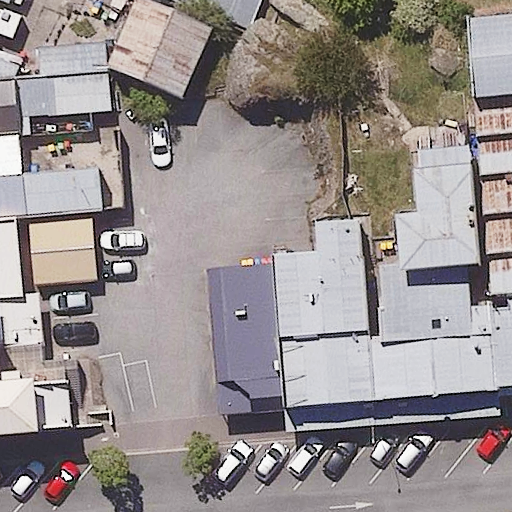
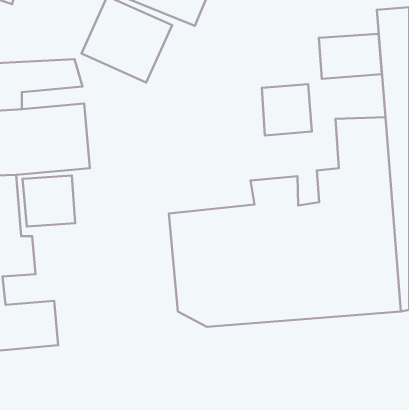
building: none -> [319,34,382,79]
building: none -> [262,84,312,135]

